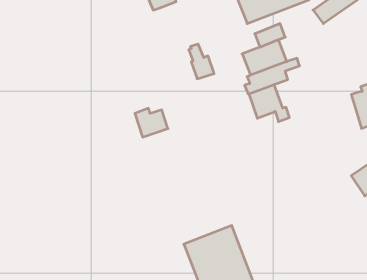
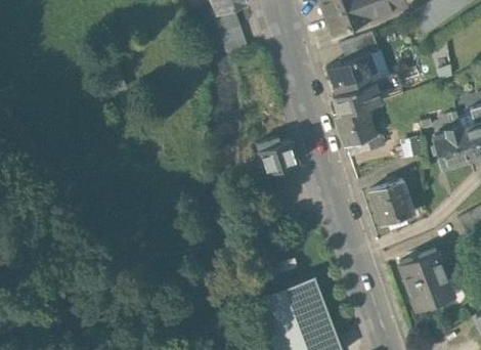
building: [189,44,214,79] -> [217,15,248,57]
building: none -> [434,115,471,169]
building: [135,108,168,137] -> [258,142,298,177]
building: none -> [369,181,414,226]
building: none -> [399,251,454,312]

